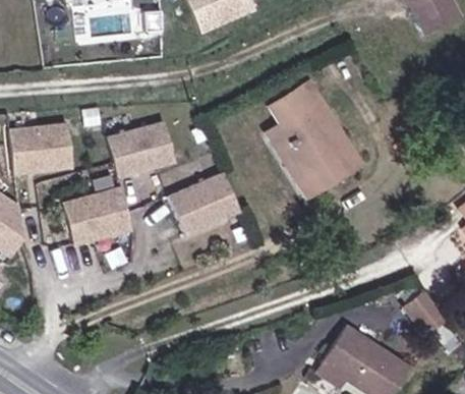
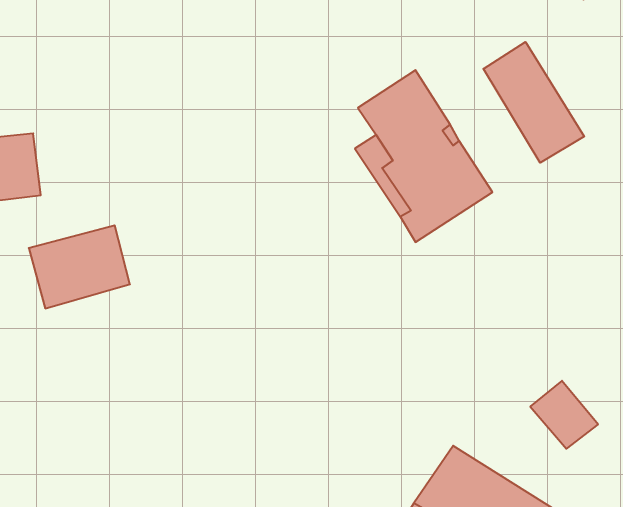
building: none -> [483,42,584,163]
building: [102,118,171,175] -> none
building: [173,167,245,232] -> none

